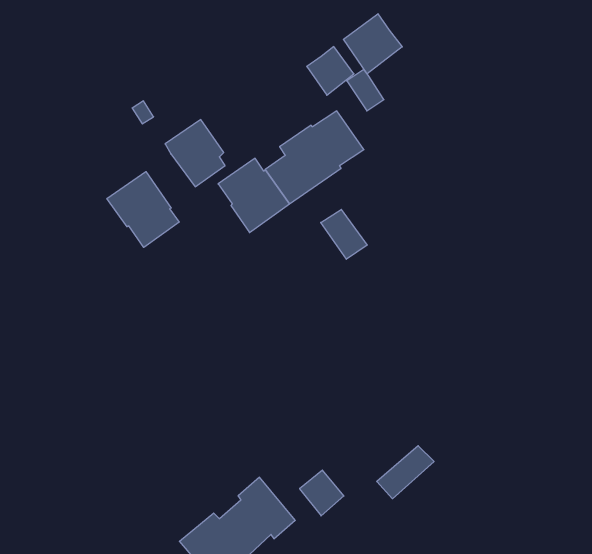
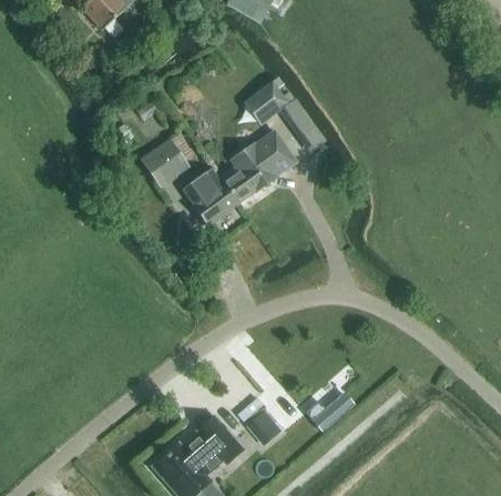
building: [343,14,402,74] -> none
building: [107,172,179,247] -> none
building: [321,209,367,259] -> none

